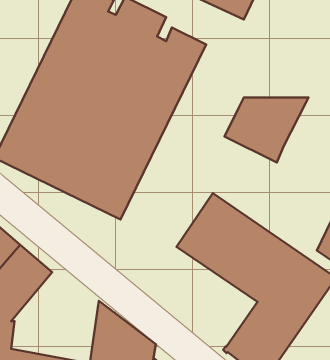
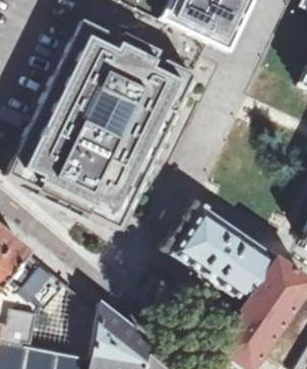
building: [224,97,309,162] -> none

